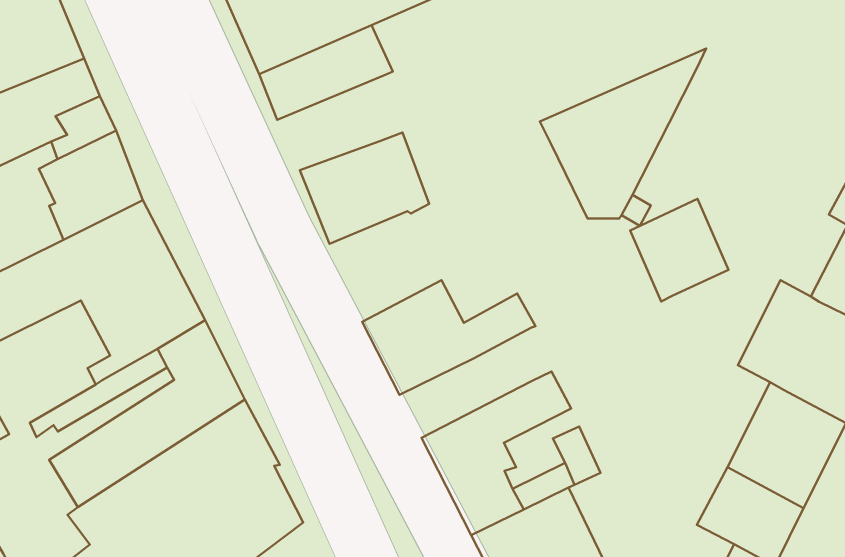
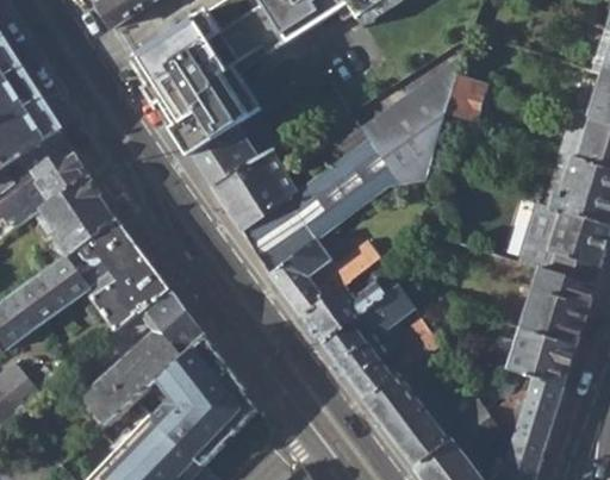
building: none -> [444,73,485,121]
building: none -> [192,112,279,183]
building: none -> [239,138,403,274]
building: [630,199,728,302] -> none
building: none -> [301,281,385,342]

